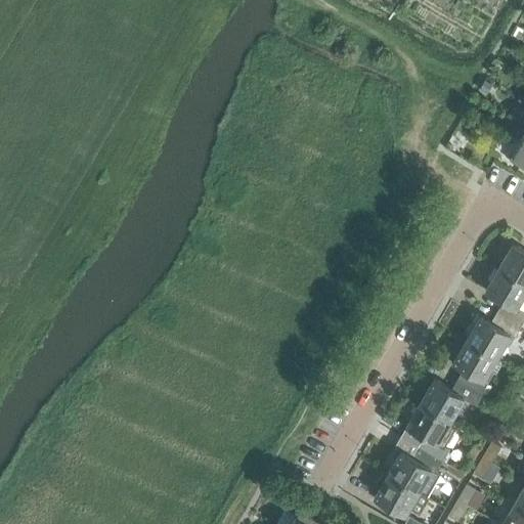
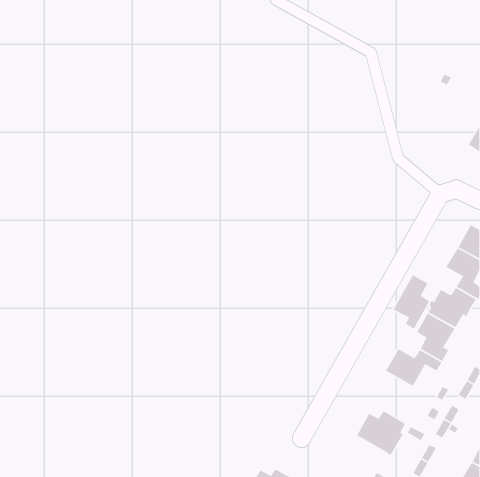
building: none -> [392,274,430,330]
building: [407,407,456,465] -> none
building: [375,475,419,518] -> none

